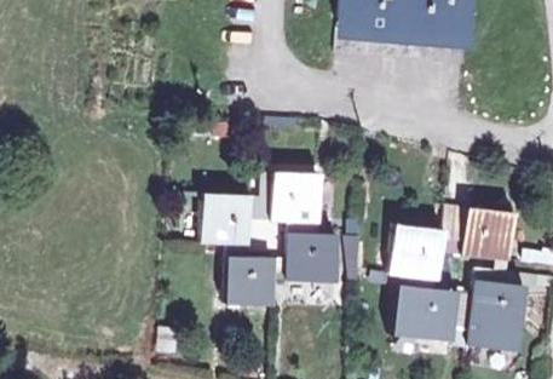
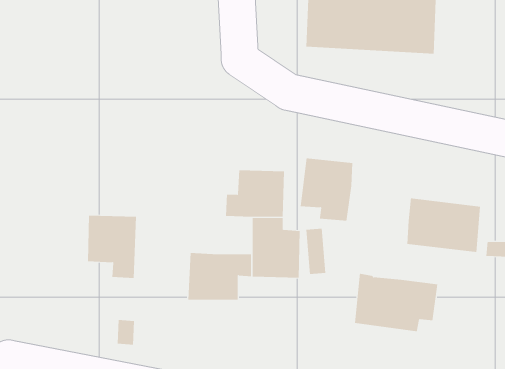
building: [205,197,254,260] -> [87,215,137,279]
building: [392,223,445,286] -> [300,158,353,221]
building: [470,266,526,349] -> none

